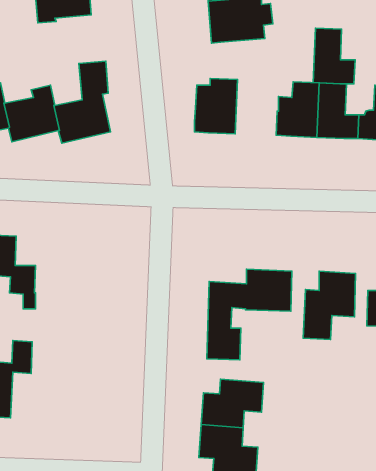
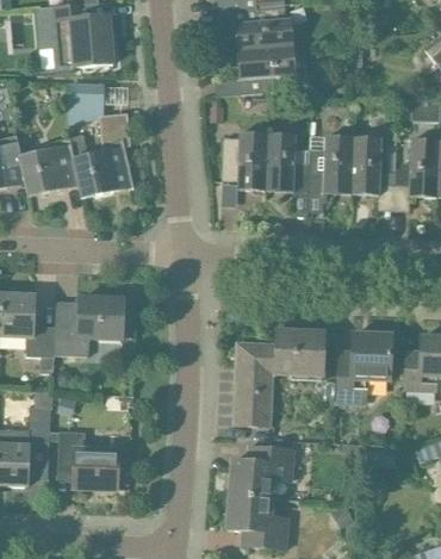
building: [313,28,355,84] -> [265,131,309,190]
building: none -> [68,81,106,105]
building: none -> [54,297,138,356]
building: none -> [57,431,118,490]

